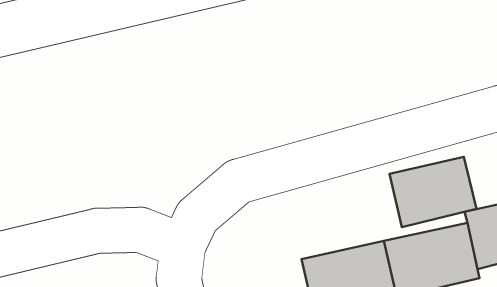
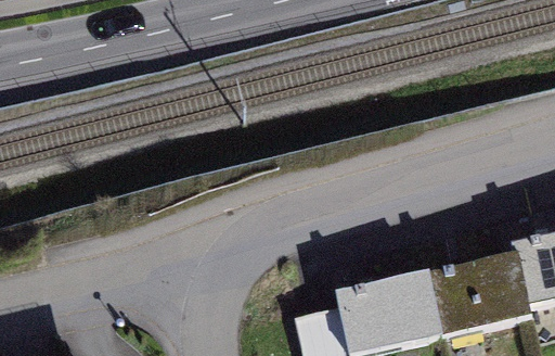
building: [389,157,477,227] -> none

